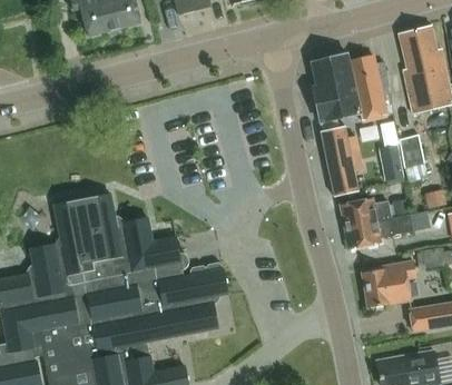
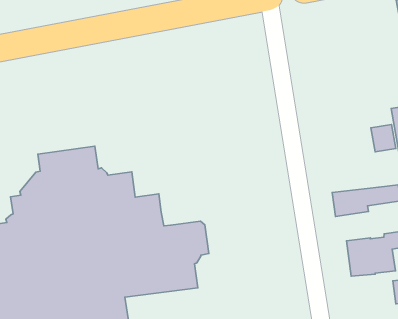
building: [312,52,386,121] -> none
building: [320,125,364,195] -> none
building: [341,197,391,225] -> none

